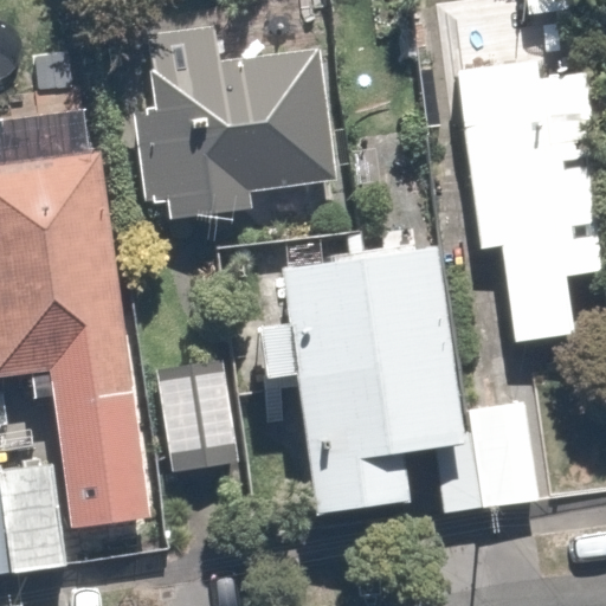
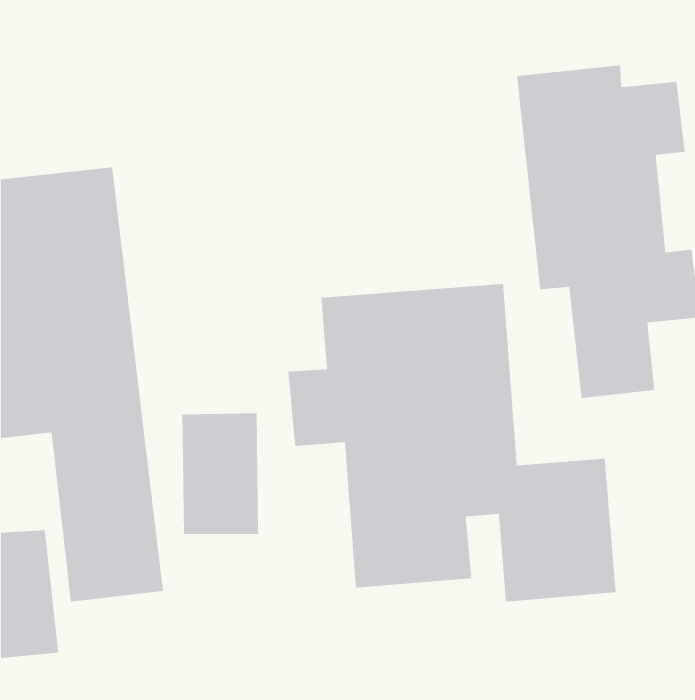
building: [136,40,331,219] -> none

